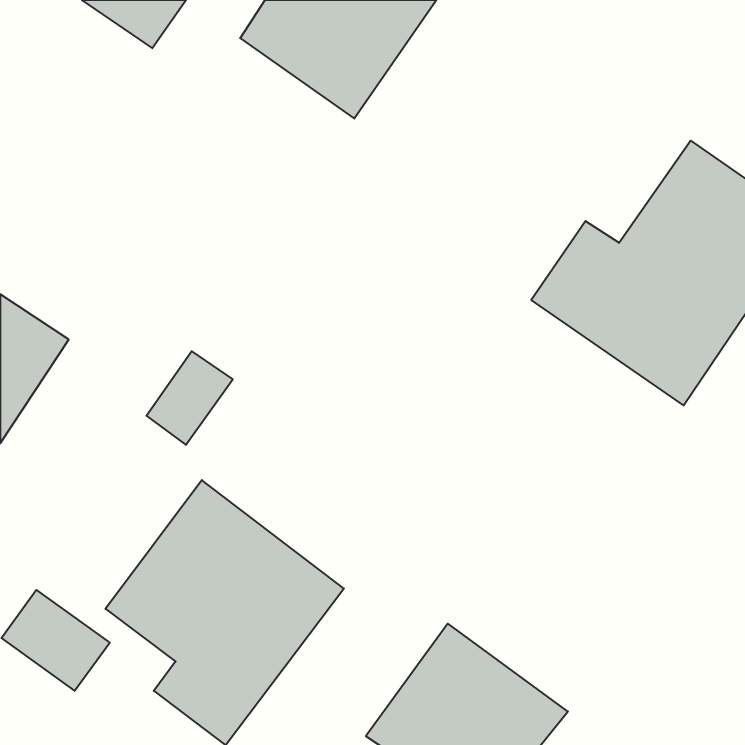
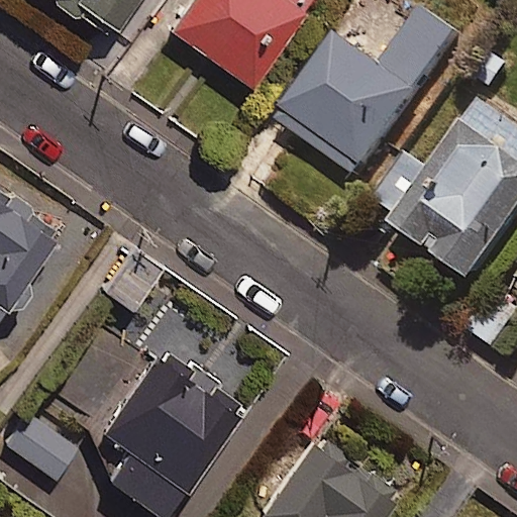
building: none -> [279,9,457,178]

